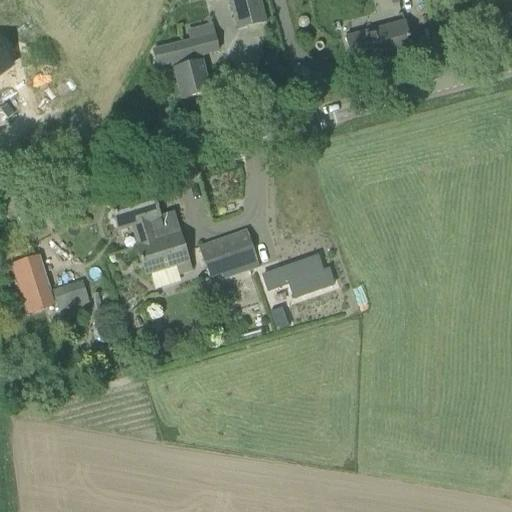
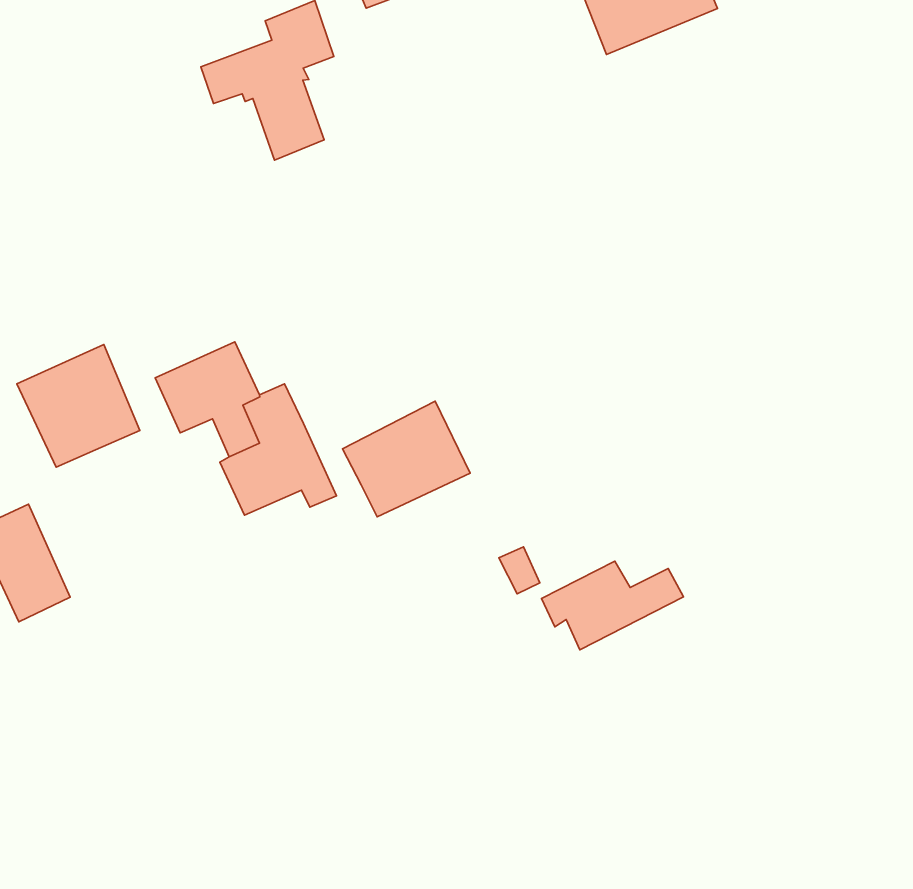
building: none -> [17,344,140,467]
building: [262,253,333,295] -> [541,561,684,650]
building: [53,280,89,309] -> none

